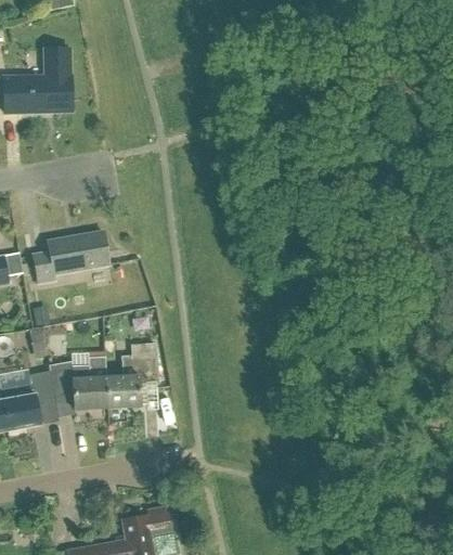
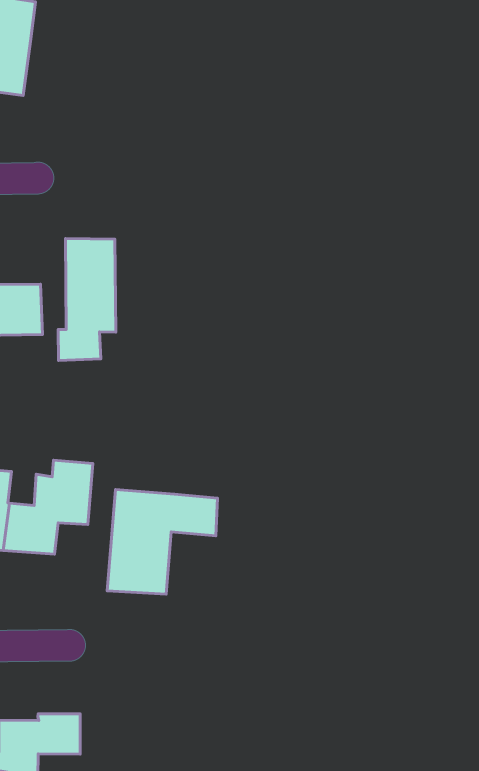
building: none -> [58,239,116,360]
building: none -> [107,489,218,594]

